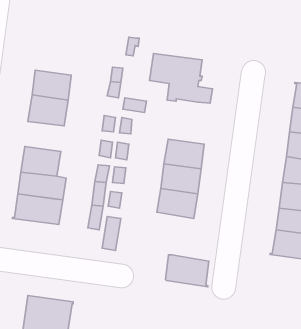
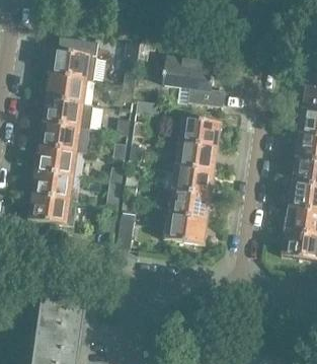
building: none -> [50,35,97,78]
building: none -> [180,115,222,144]
building: none -> [39,122,78,151]
building: [166,255,209,287] -> [163,211,206,242]

